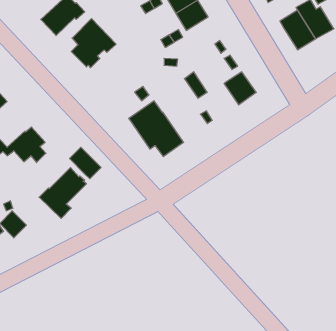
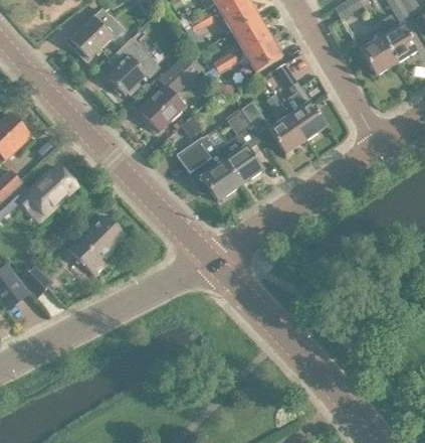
building: none -> [243,35,281,71]
building: none -> [139,51,199,131]
building: none -> [267,94,305,154]
building: none -> [216,114,262,184]
building: [70,147,101,179] -> none

